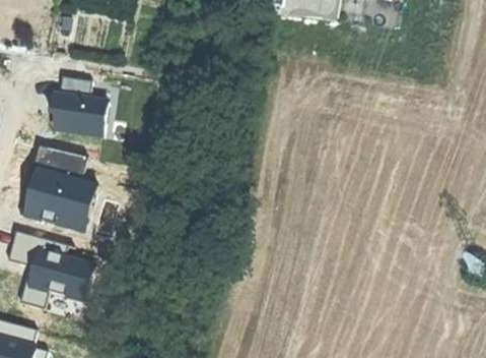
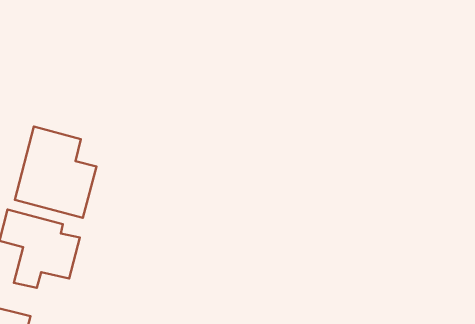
building: [42,74,108,134] -> none

